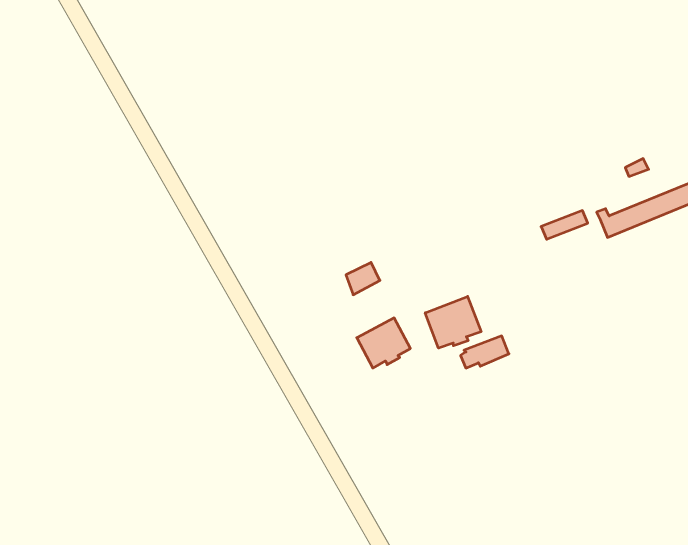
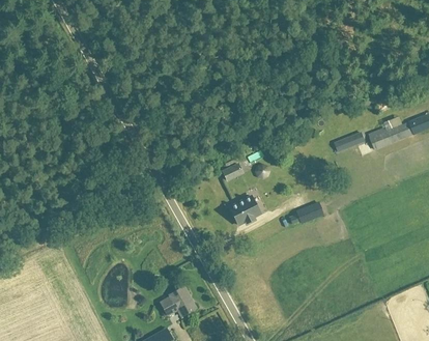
building: [425,296,481,348] -> none
building: none -> [159,286,194,315]

